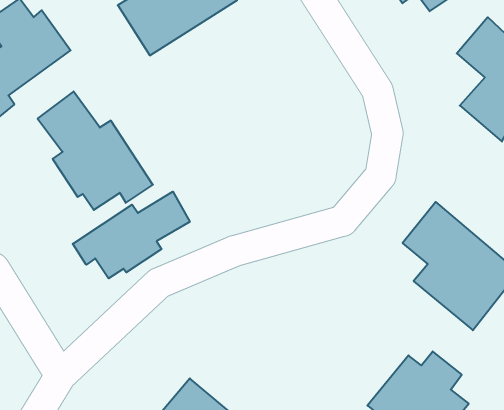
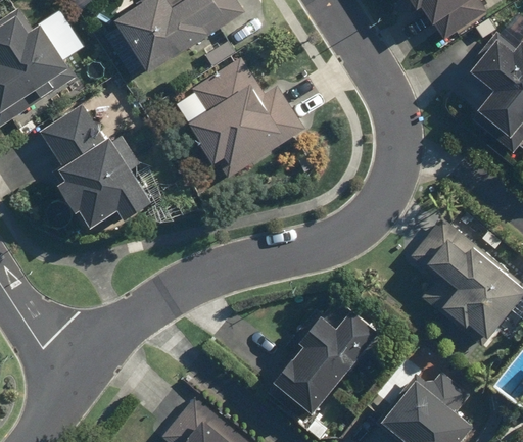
building: none -> [169,59,304,164]
building: [73,192,190,278] -> none
building: none -> [268,308,384,424]

